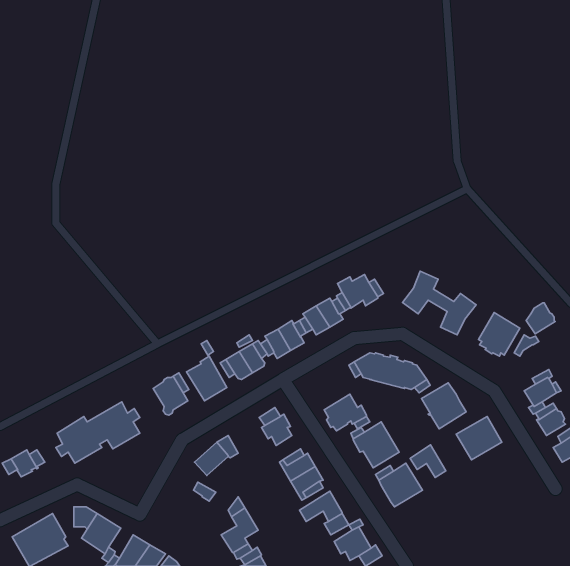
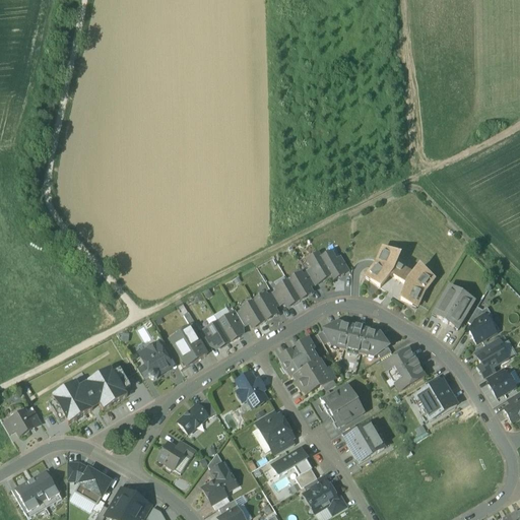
building: [526,303,555,334] -> [469,314,496,342]
building: none -> [279,337,319,376]
building: [410,445,446,477] -> none
building: none -> [157,442,185,468]

